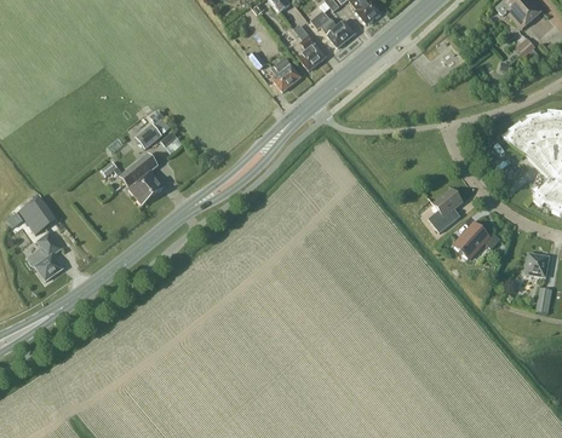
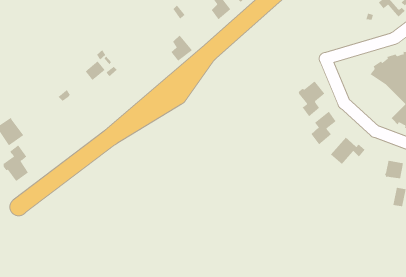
building: [273,56,302,91] -> [170,34,193,61]
building: none -> [298,81,325,117]
building: [120,152,164,204] -> none

